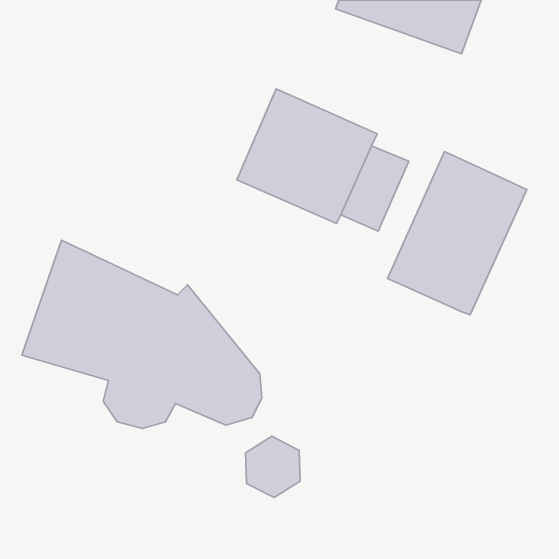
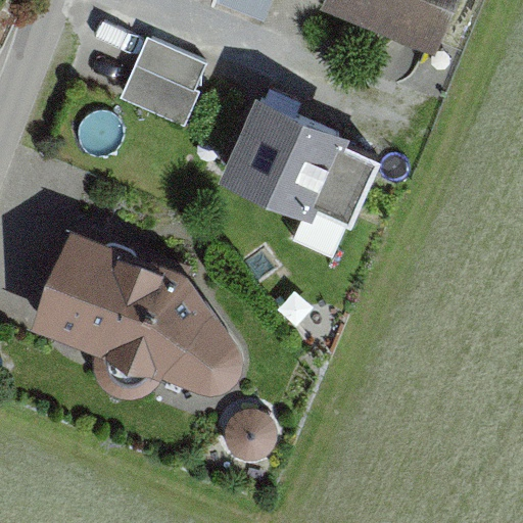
building: none -> [124,41,206,126]
building: [388,151,527,315] -> none

